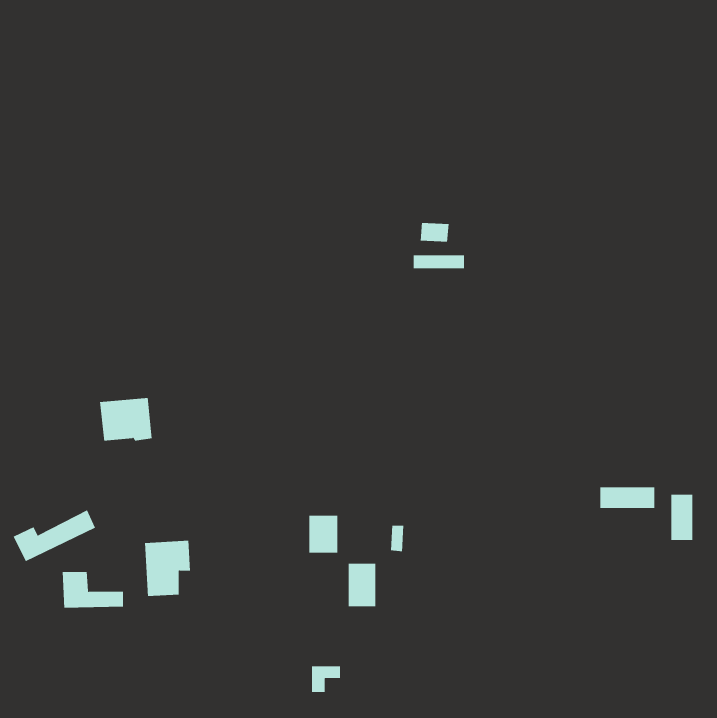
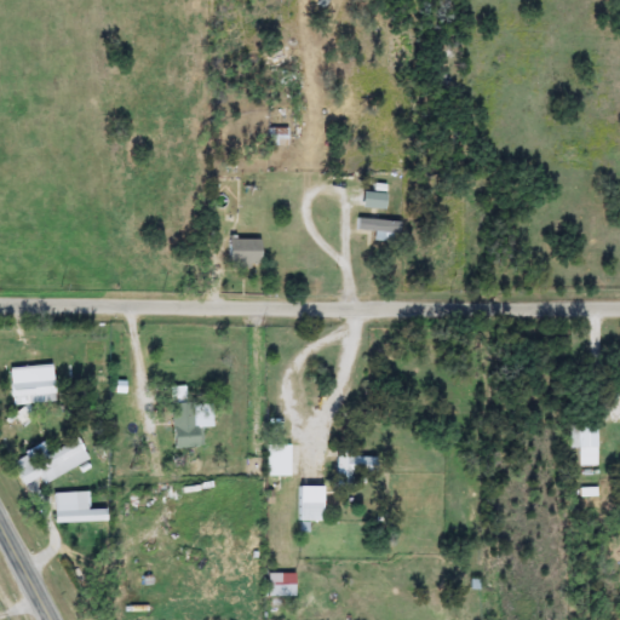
building: none -> [230,239,263,265]
building: [99,398,153,441] -> [11,366,57,403]
building: [600,487,655,509] -> none
building: [144,540,191,596] -> [173,400,213,448]

